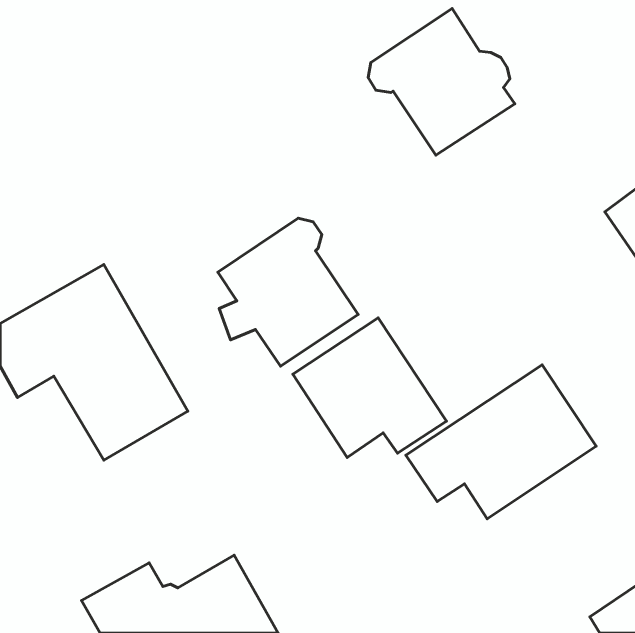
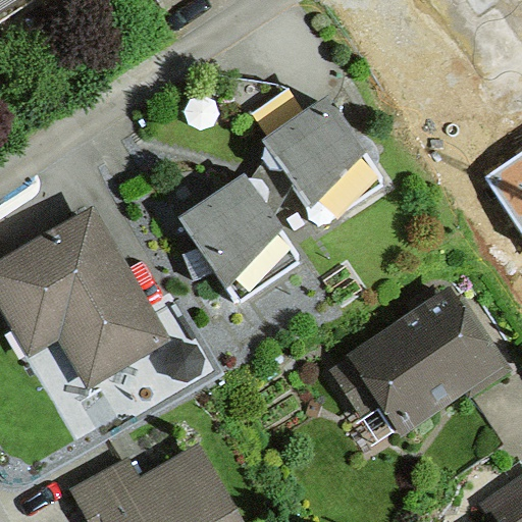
building: [368,9,515,155] -> [261,102,380,221]
building: [293,318,447,457] -> none

